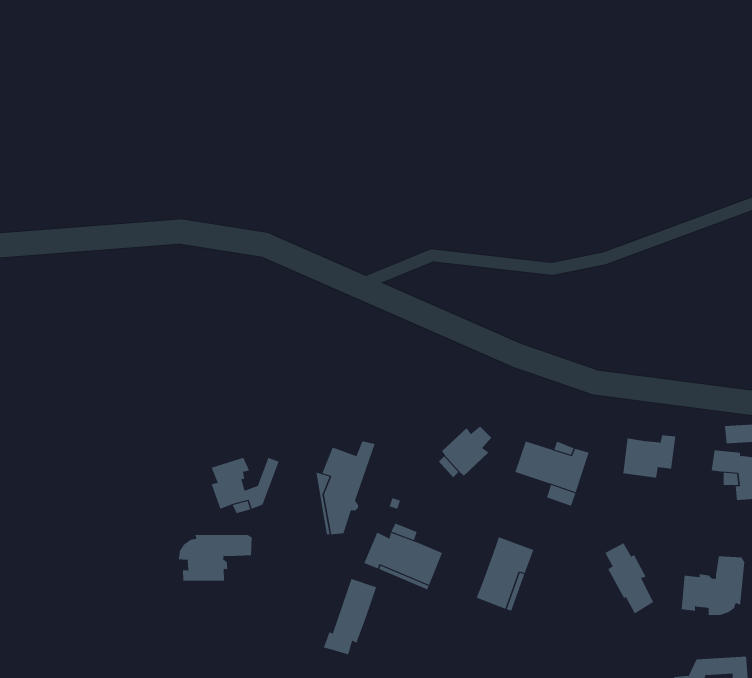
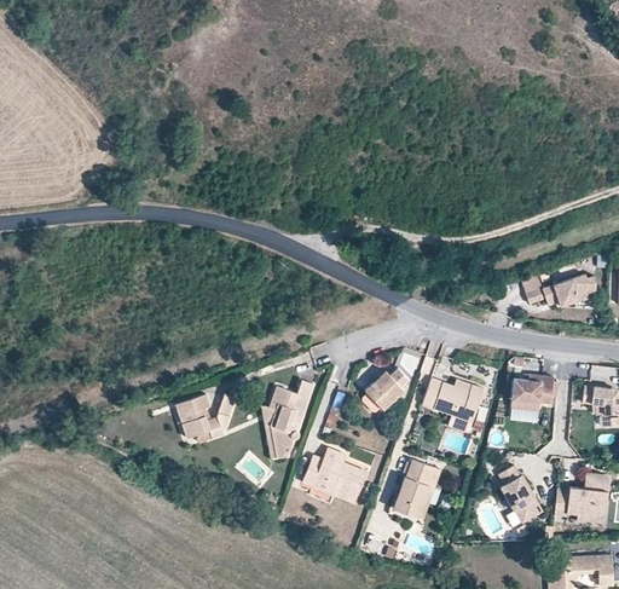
building: none -> [520,273,596,307]
building: [178,534,252,582] -> none
building: [323,578,377,655] -> none

